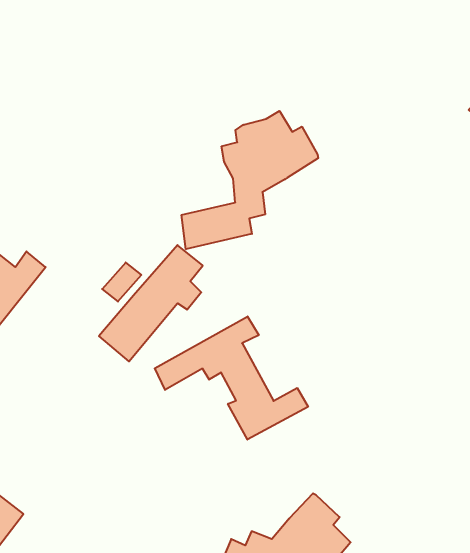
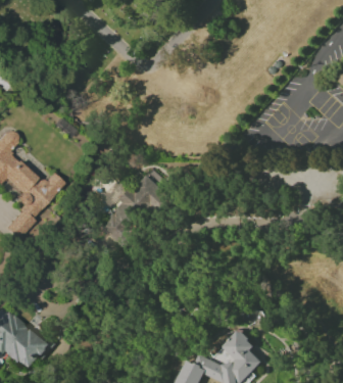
building: [182,111,318,249] -> none
building: [155,316,308,440] -> none

